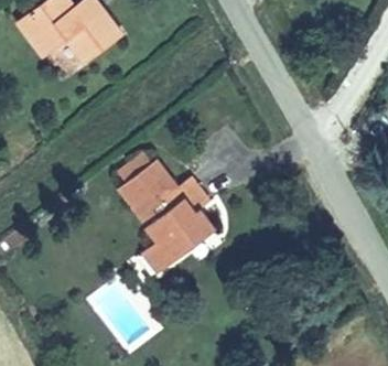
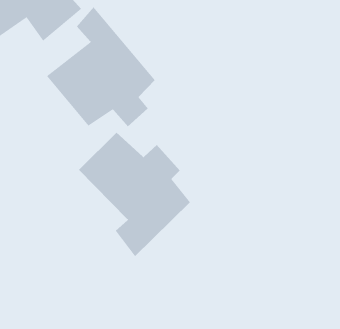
building: none -> [46,7,156,127]

